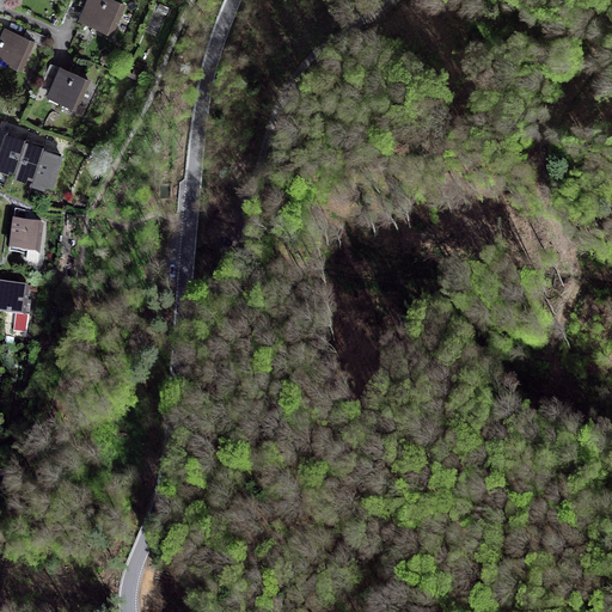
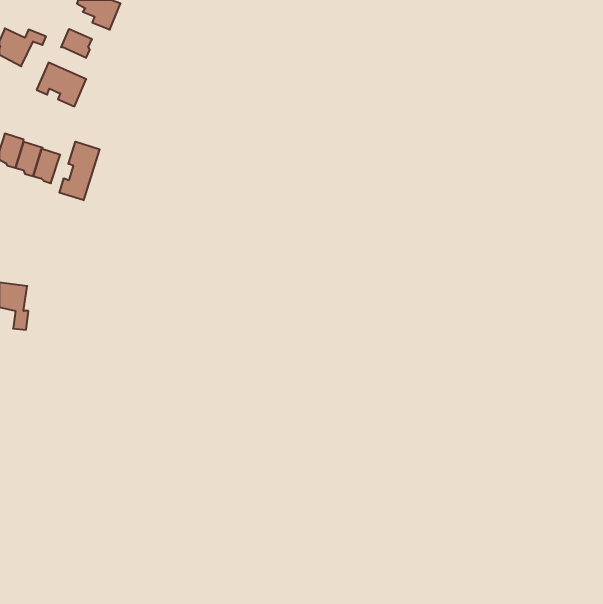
building: none -> [61,29,92,58]
building: none -> [59,142,100,200]
building: [12,224,39,252] -> none

